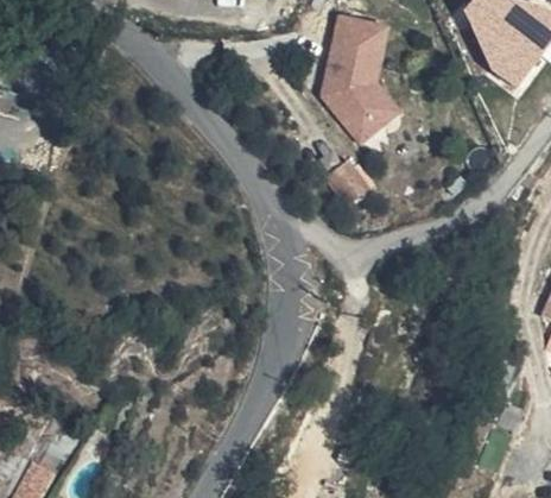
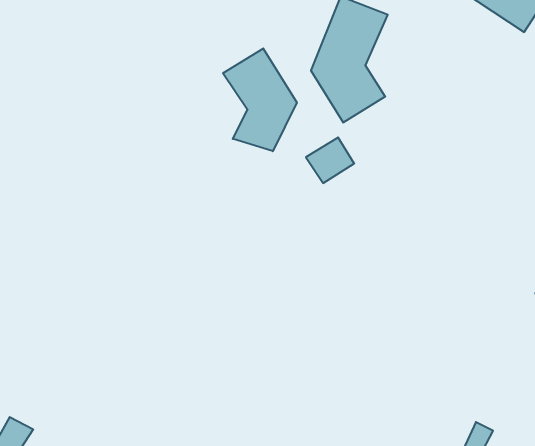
building: none -> [223,48,297,151]

